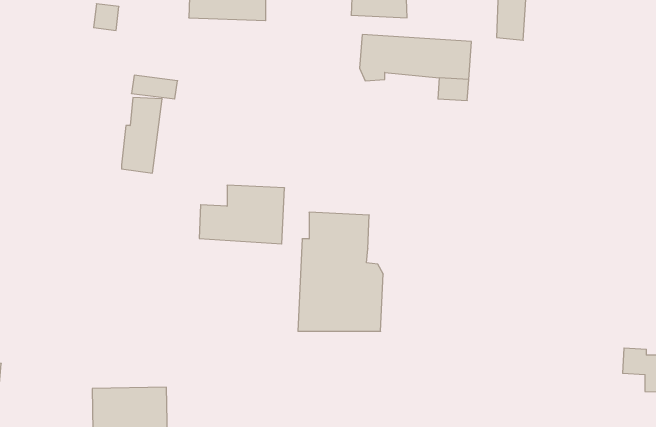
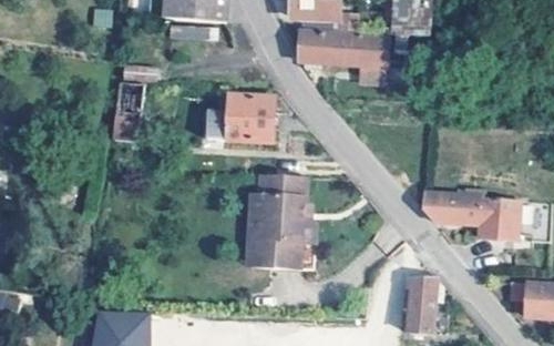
building: [199,185,285,244] -> [207,95,275,142]
building: none -> [422,193,520,241]
building: none -> [407,276,437,336]

